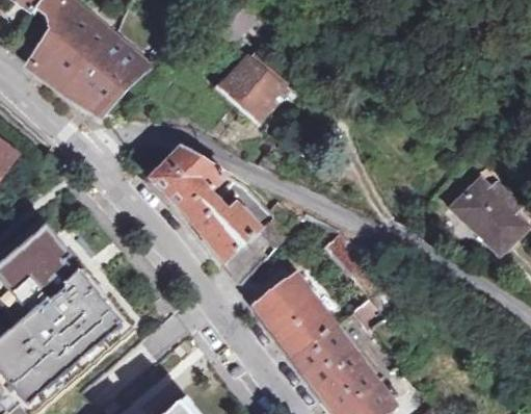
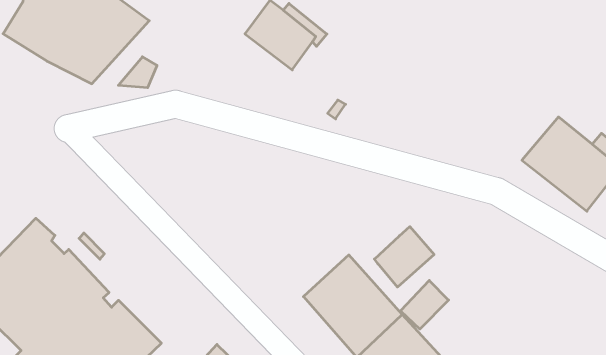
building: [152,152,272,285] -> none
building: none -> [374,227,434,287]

